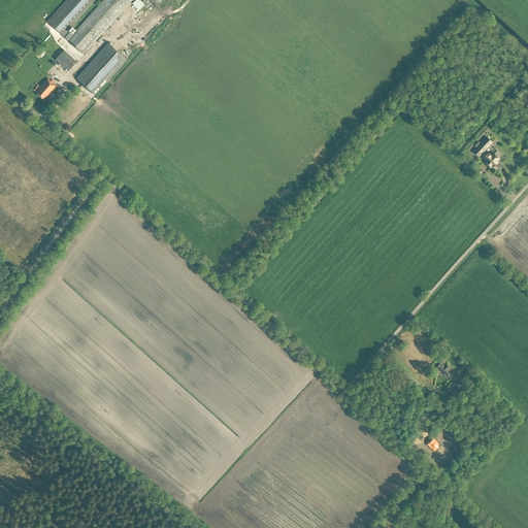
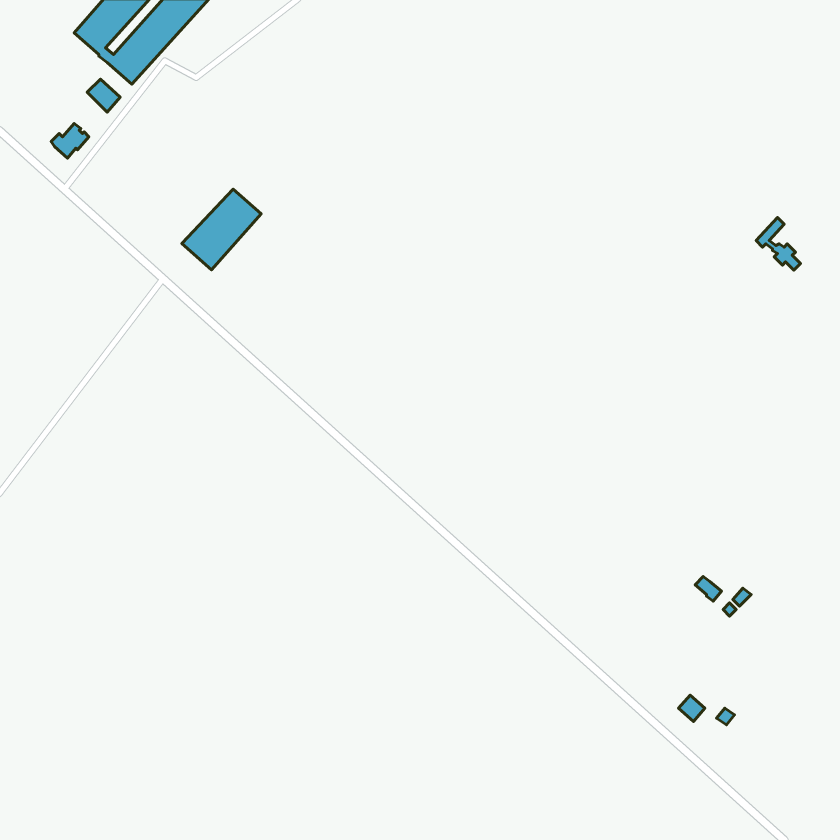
building: [75,43,125,94] -> [182,189,261,270]

